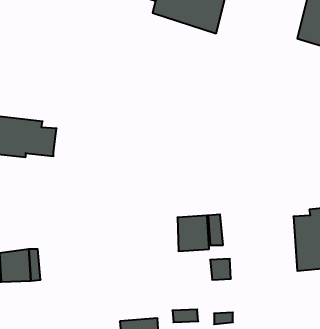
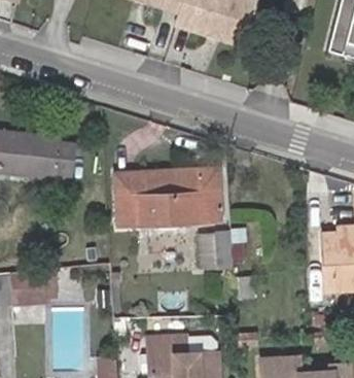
building: none -> [116,166,221,222]

